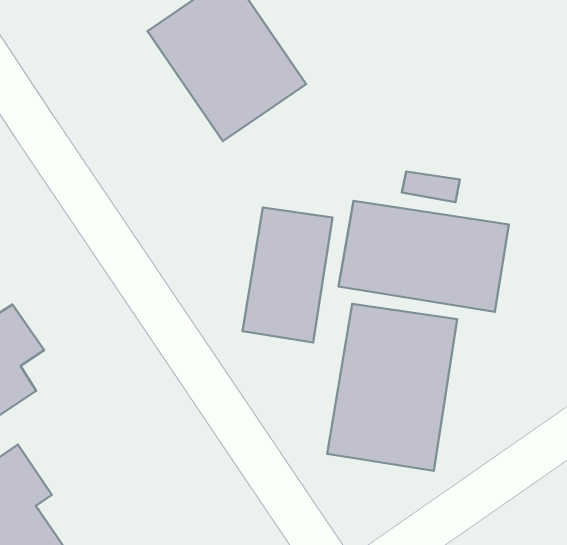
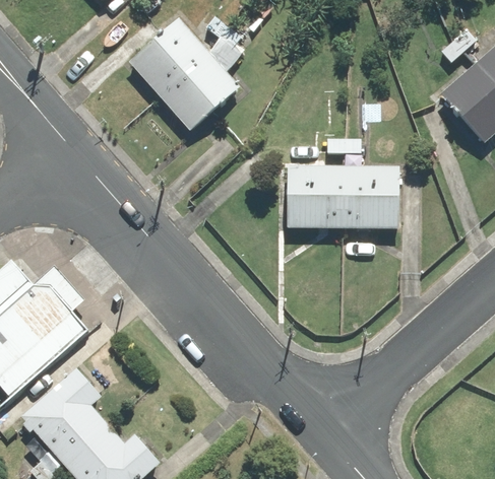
building: [243,208,333,342] -> none
building: [327,304,457,471] -> none

